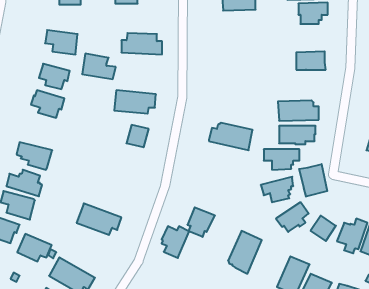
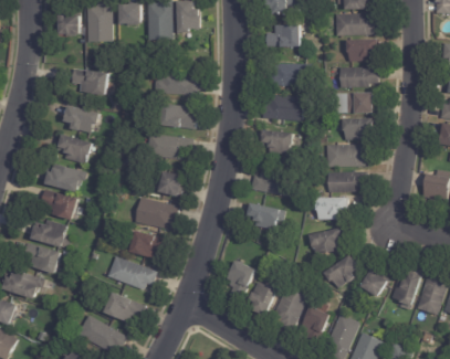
building: none -> [268,64,311,86]
building: none -> [338,67,378,87]
building: none -> [262,94,303,122]
building: [82,54,116,79] -> [160,102,197,129]
building: none -> [338,117,376,139]
building: none -> [260,129,295,154]
building: none -> [41,166,85,194]
building: none -> [135,198,180,230]
building: none -> [249,203,283,229]
building: [299,164,327,197] -> none
building: none -> [130,231,166,257]
building: [162,226,189,258] -> [251,282,281,316]
building: [17,234,52,261] -> [105,293,143,323]
building: none -> [297,306,331,341]

